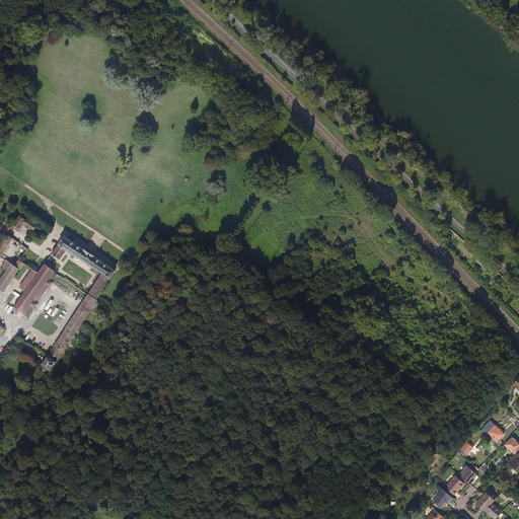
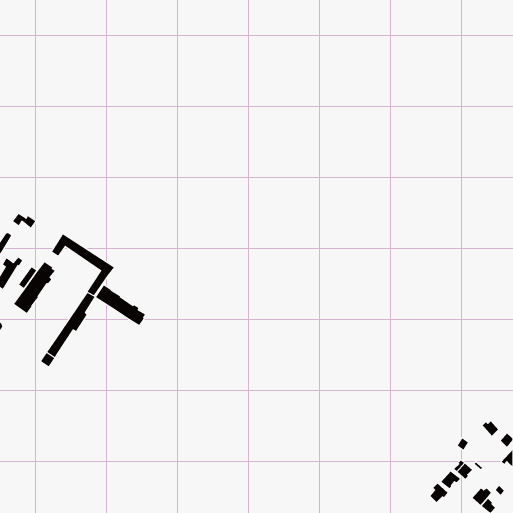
building: none -> [95,285,145,326]

